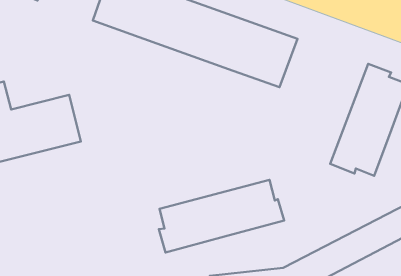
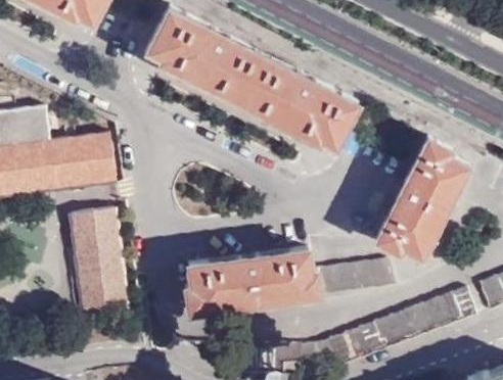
building: none -> [73,200,127,308]
building: none -> [316,260,392,294]

